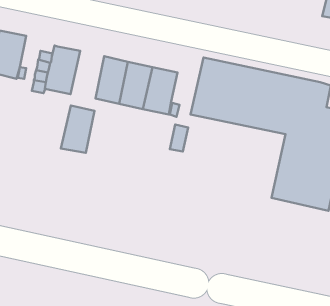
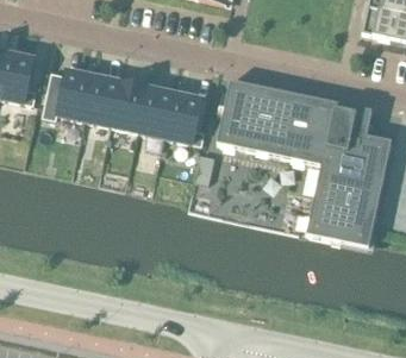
building: [61,105,94,153] -> [85,73,121,125]

